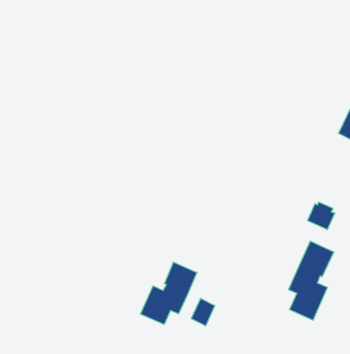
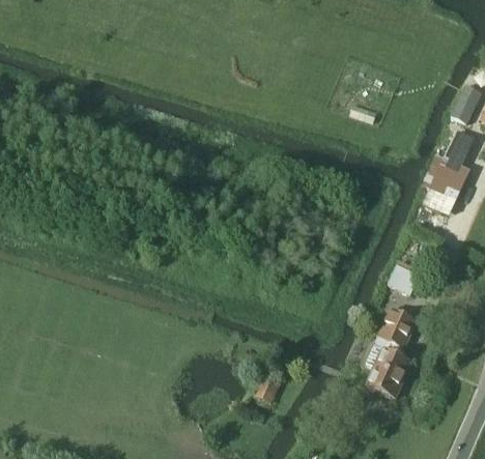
building: [141,262,197,324] -> none

